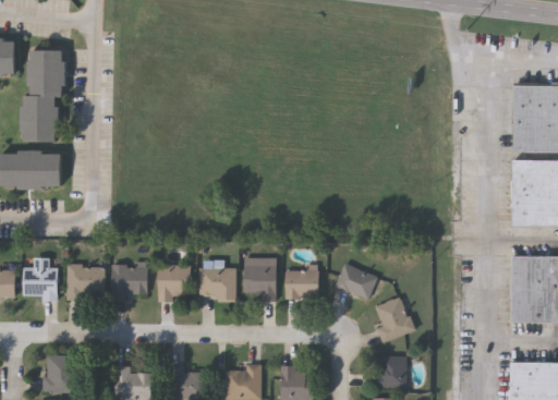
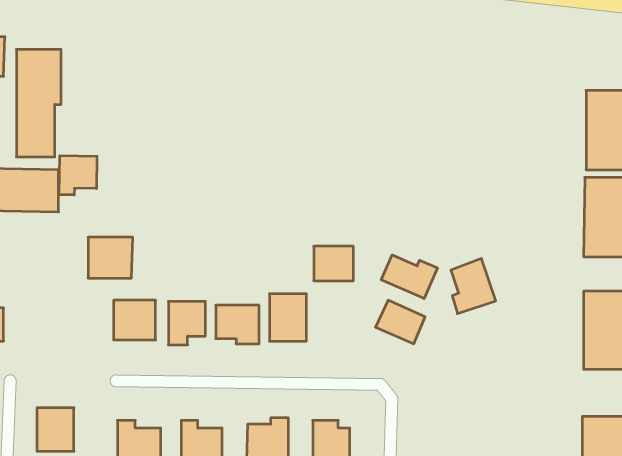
building: none -> [59,156,97,195]
building: none -> [381,255,437,299]
building: [69,266,107,301] -> [88,237,133,278]
building: [25,267,60,301] -> none
building: [286,269,319,299] -> [314,246,353,281]
building: [376,296,414,343] -> [451,259,496,314]
building: [374,356,407,389] -> none

